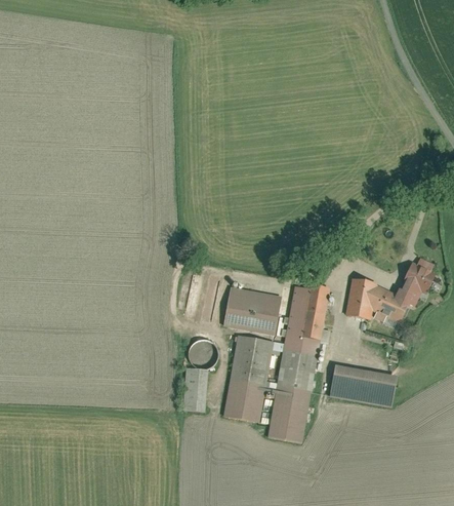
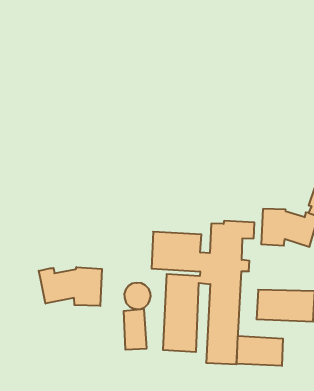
building: none -> [39,267,102,306]
building: none -> [237,336,283,366]

